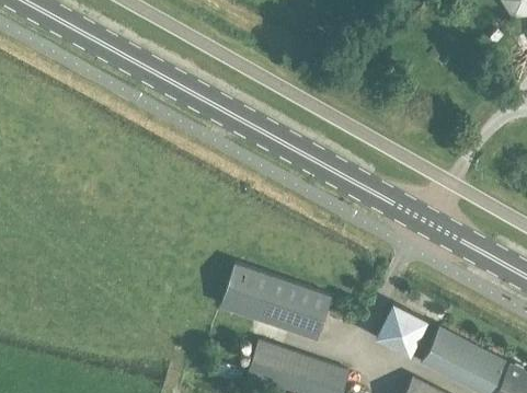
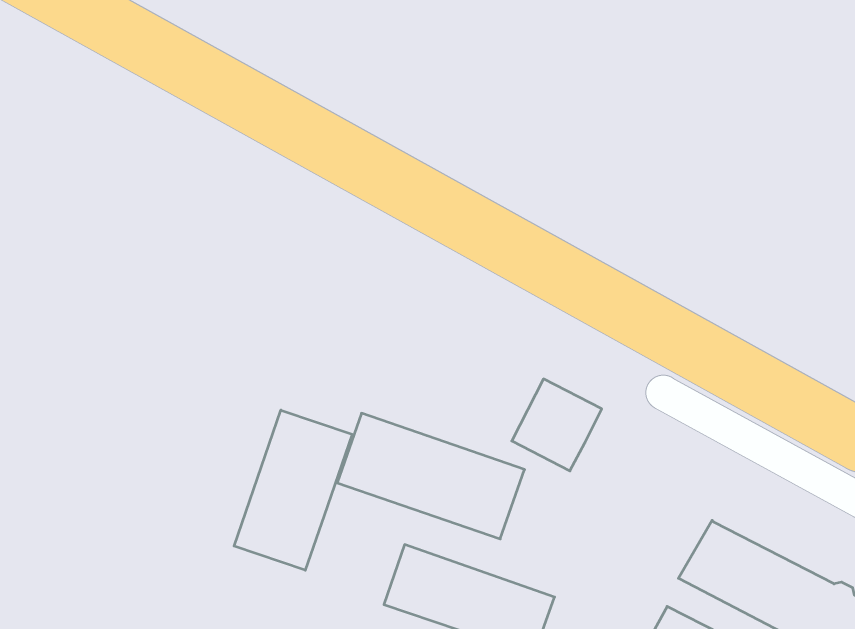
building: none -> [234,410,352,570]
building: [376,303,428,357] -> [512,379,602,471]

